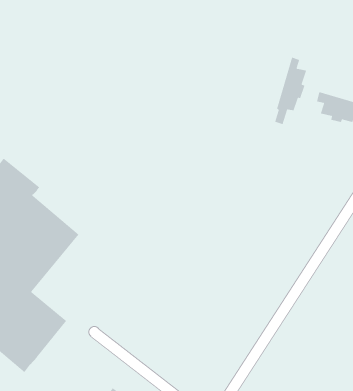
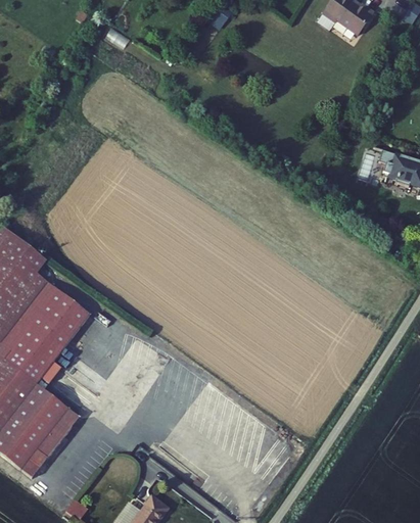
building: [274,56,307,125] -> none

